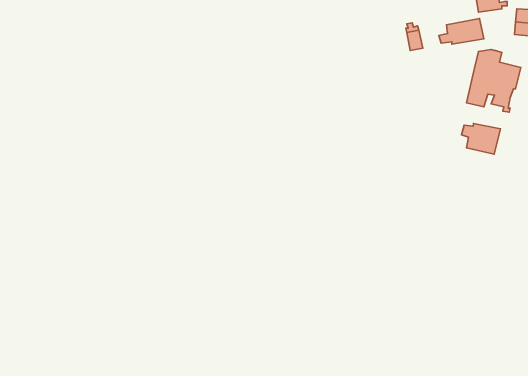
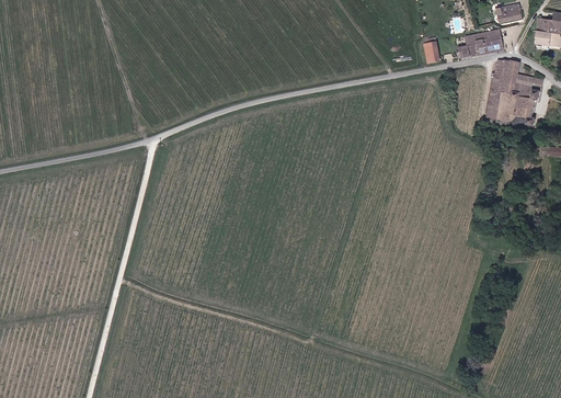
building: [461,124,500,154] -> none

